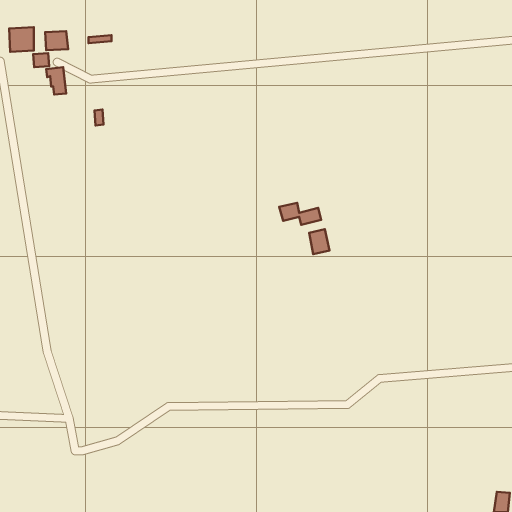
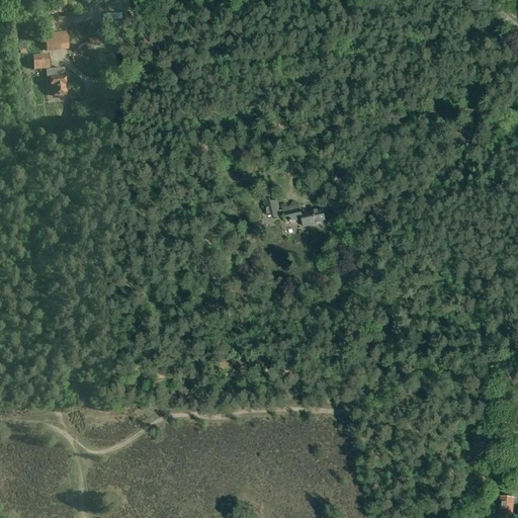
building: [9,27,34,52] -> none
building: [309,229,329,254] -> none

